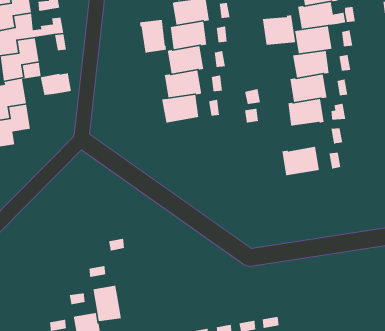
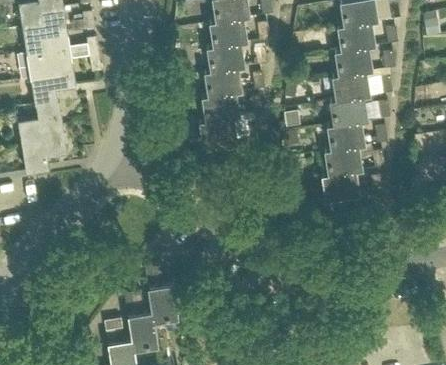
building: [262,14,296,46] -> none
building: [139,19,167,54] -> none
building: [40,72,72,96] -> none
building: none -> [324,147,363,176]
building: none -> [149,286,178,324]

